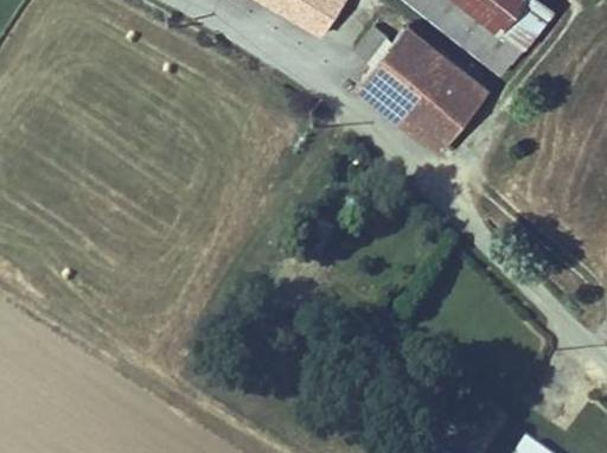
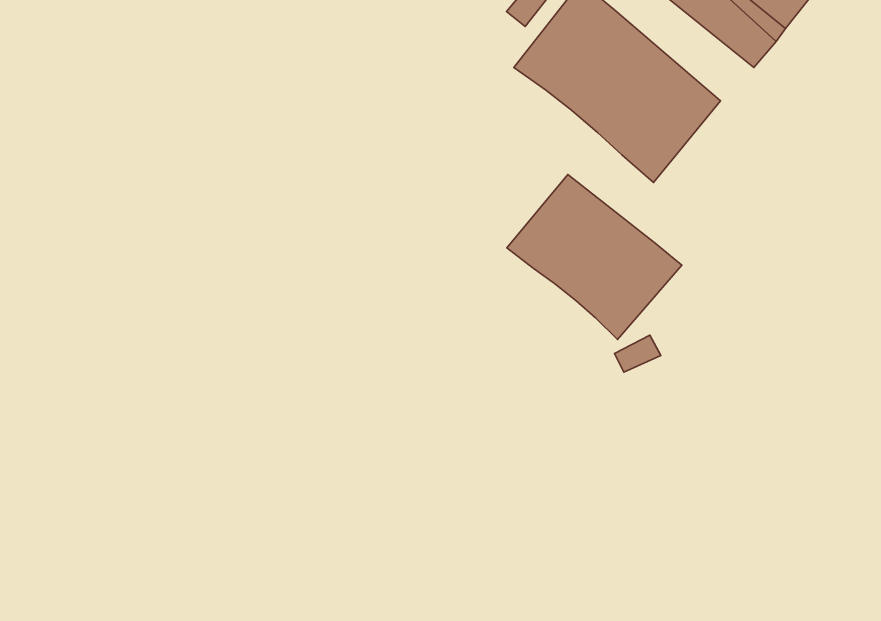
building: none -> [507,174,682,339]

